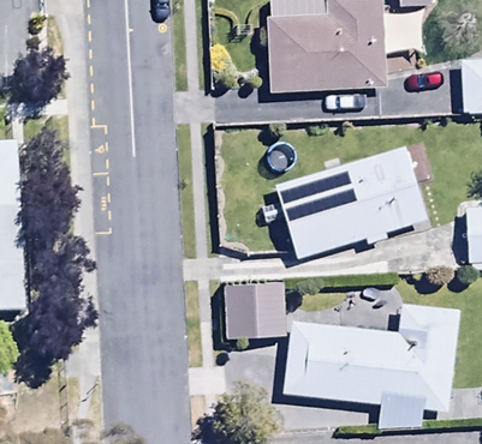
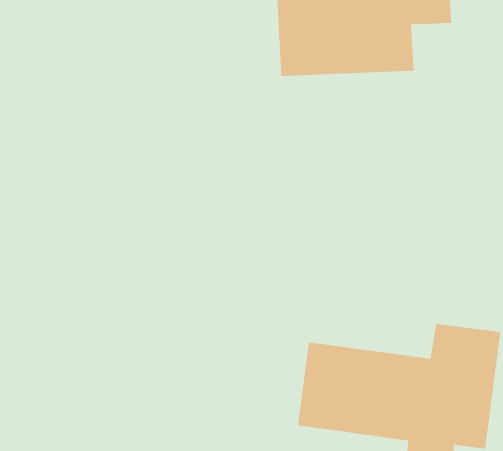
building: [274,146,427,258] -> none
building: [224,284,286,341] -> none

